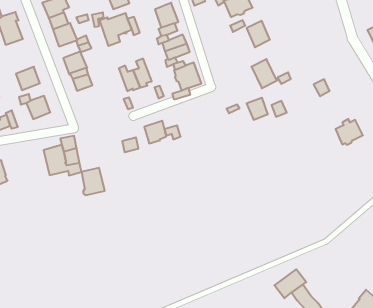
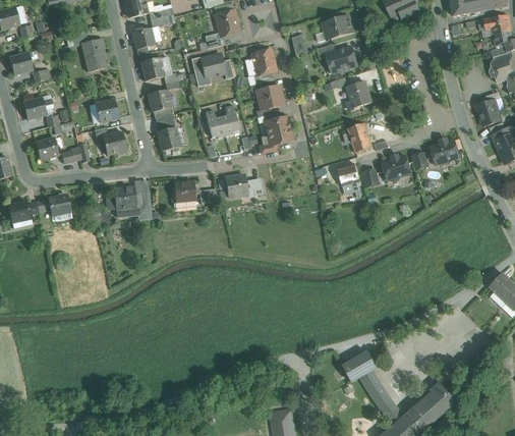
building: none -> [382,154,410,180]
building: none -> [156,126,179,151]
building: [336,119,363,145] -> [431,138,459,165]
building: [82,168,105,195] -> [172,180,195,208]

